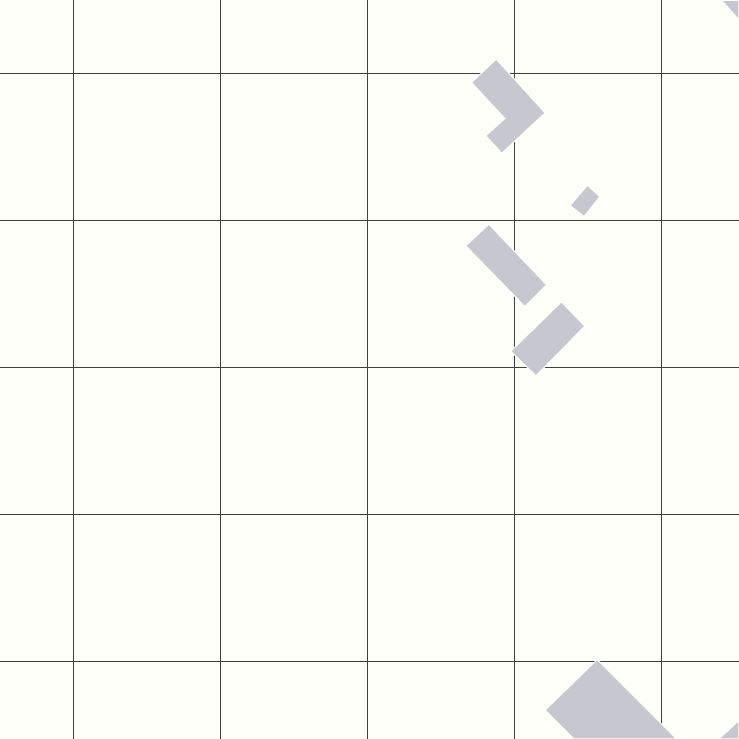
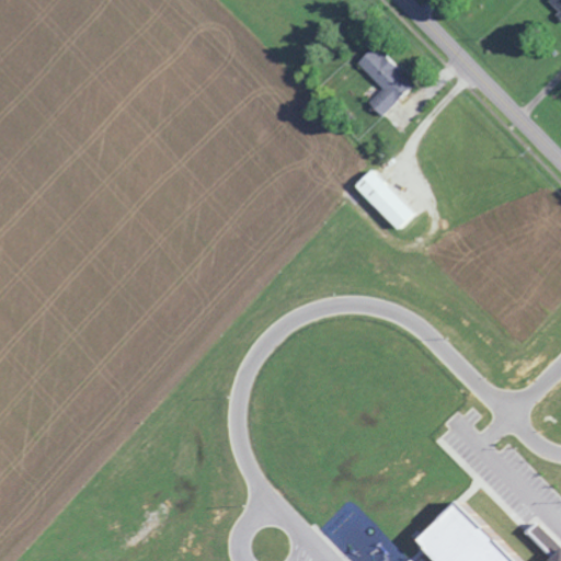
building: [511,302,585,376] -> none

